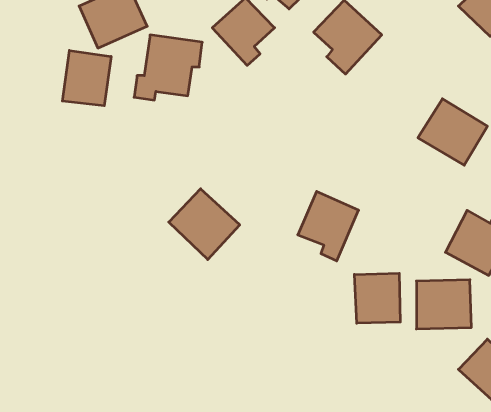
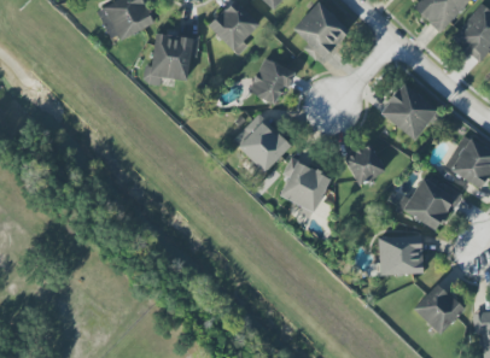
building: [62,50,111,106] -> none
building: none -> [250,58,296,105]
building: none -> [345,145,385,186]
building: [169,189,240,260] -> [233,115,292,174]
building: [354,273,400,323] -> none

